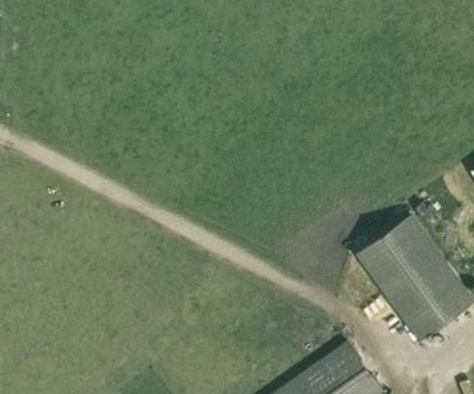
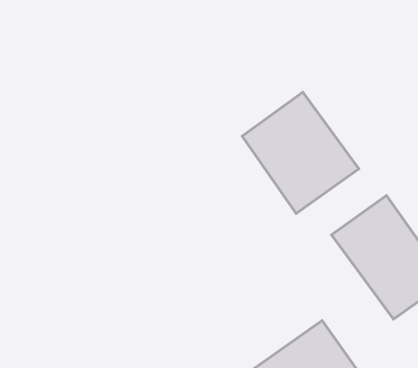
building: none -> [242,92,359,214]

